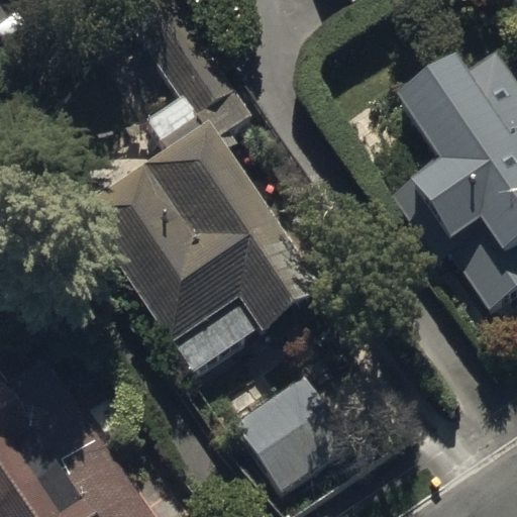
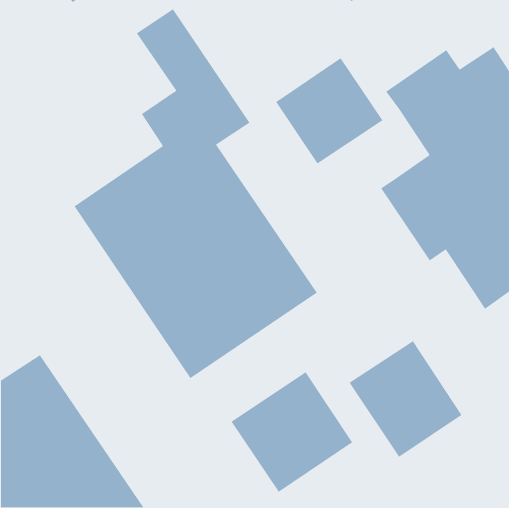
building: none -> [275,57,383,165]
building: none -> [349,340,462,458]

